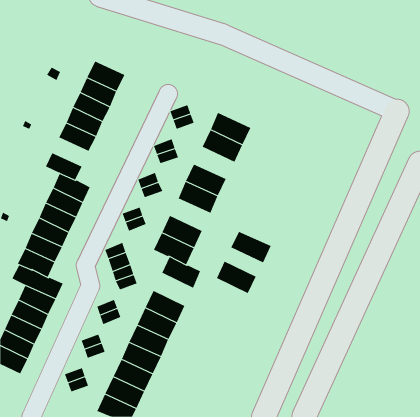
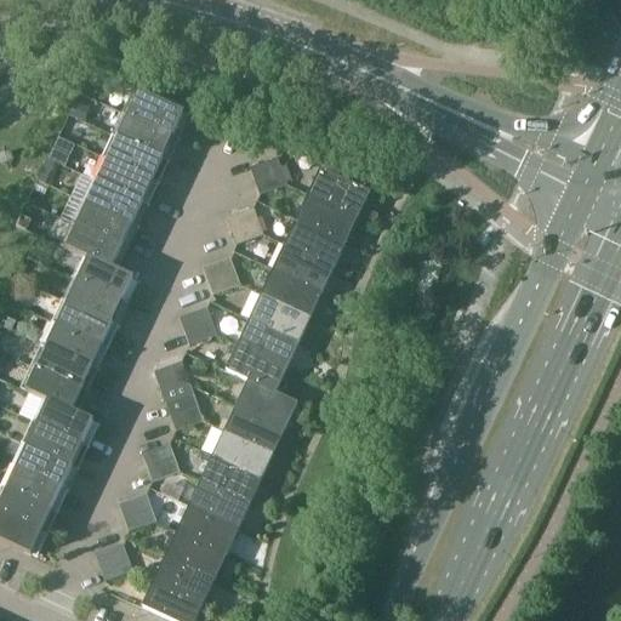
building: none -> [76,203,131,245]
building: none -> [285,216,346,263]
building: [230,231,272,263] -> [250,292,310,340]
building: [216,261,256,294] -> [226,401,285,450]

